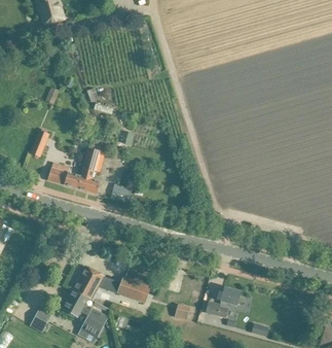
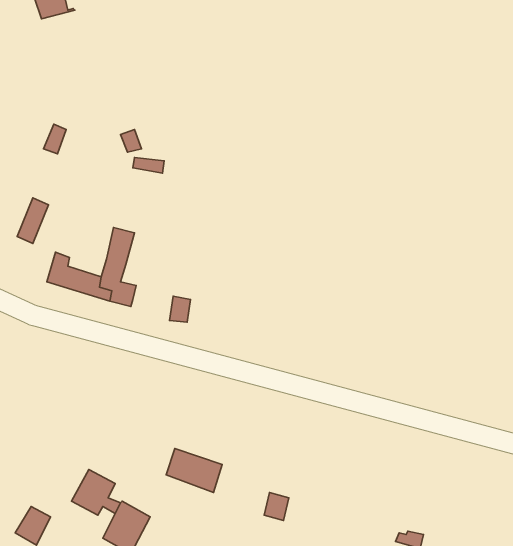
building: [72,266,104,300] -> none
building: [206,287,246,318] -> none

